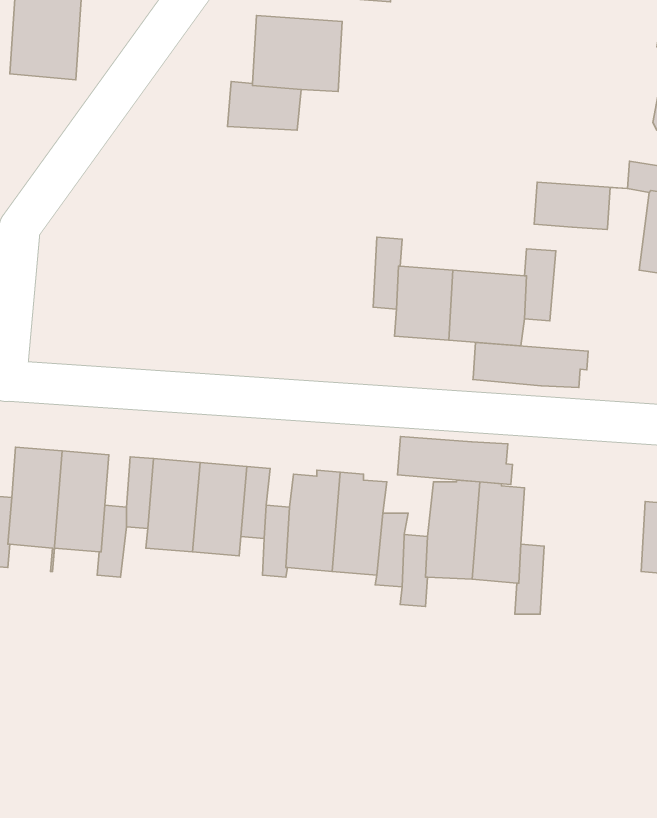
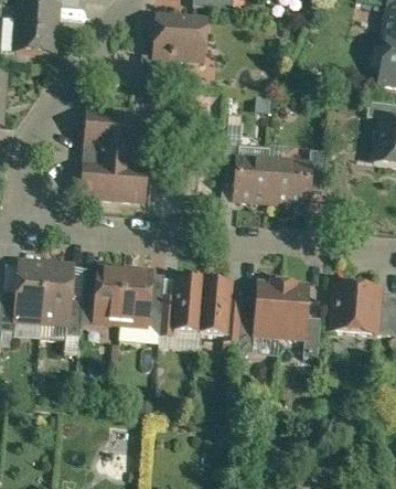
building: [534,182,628,230] -> none
building: none -> [81,110,149,200]
building: [473,342,588,388] -> none
building: [398,437,513,485] -> none
building: none -> [332,285,376,331]

